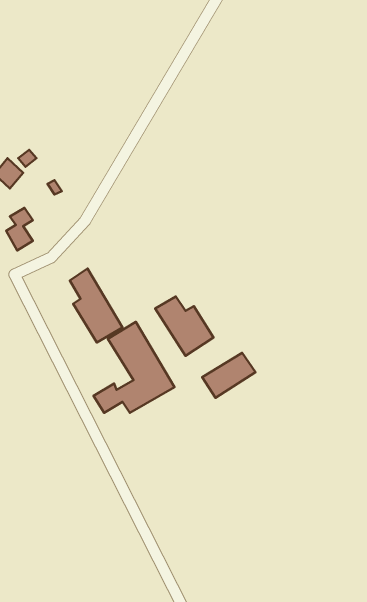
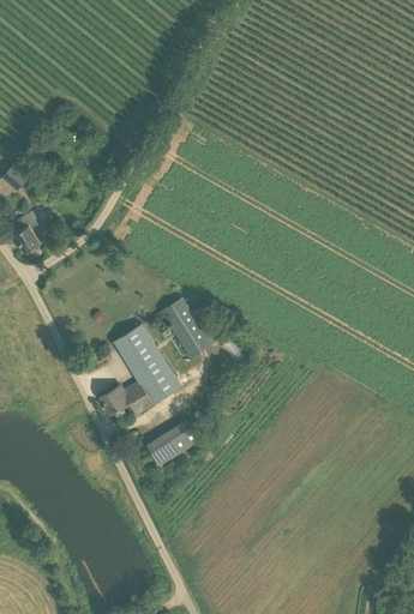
building: [70,269,123,342] -> none
building: [202,353,256,398] -> [146,421,199,465]

